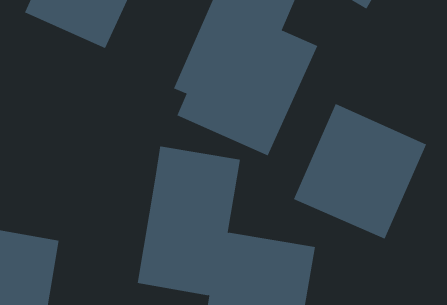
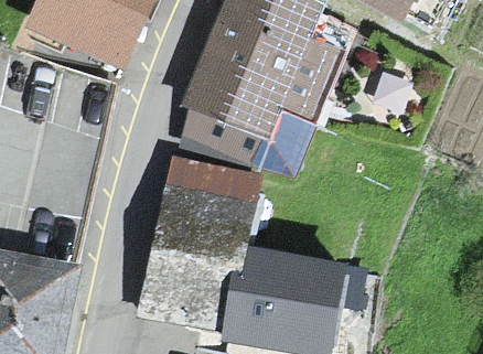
building: [293,103,427,240] -> none

